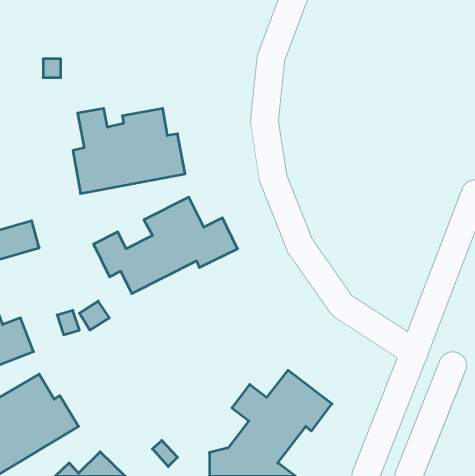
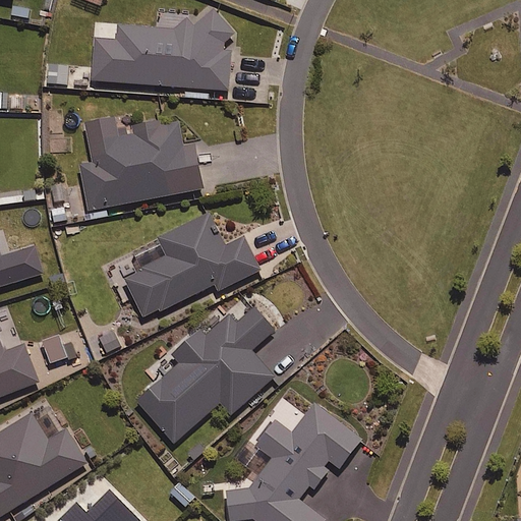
building: none -> [92,10,233,91]
building: none -> [136,308,274,444]

